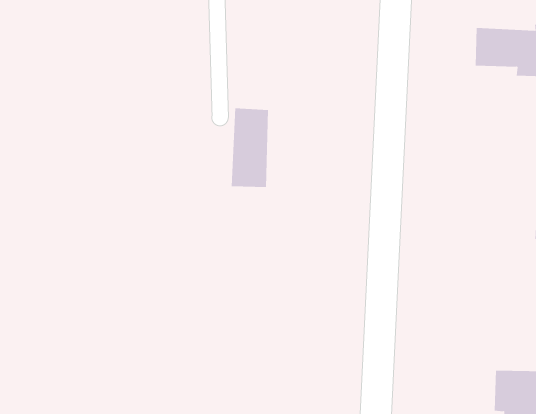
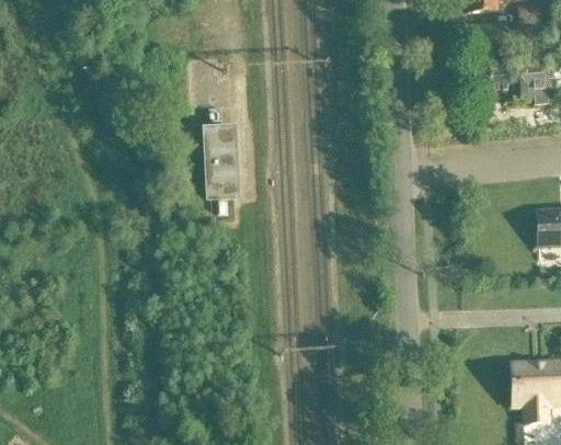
building: [231,108,269,187] -> [206,125,241,196]

